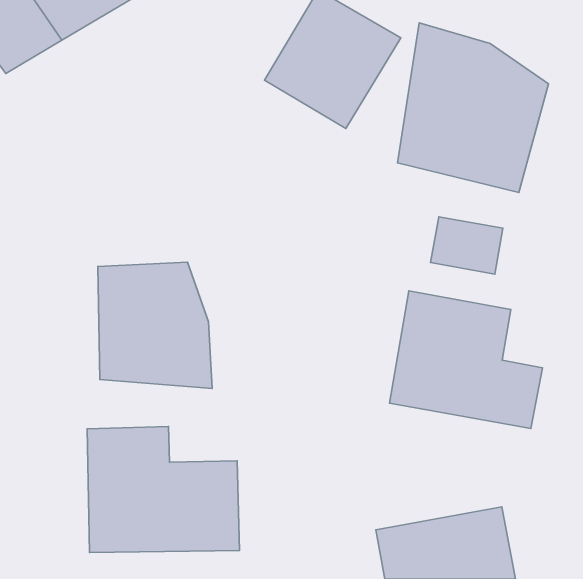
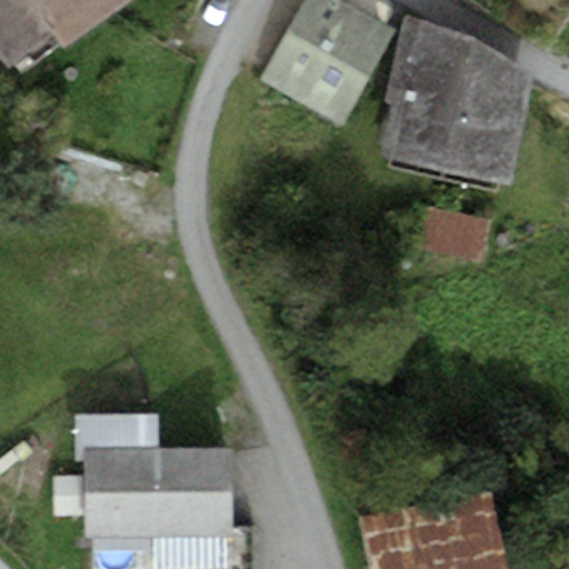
building: [98,262,212,388] -> none
building: [389,291,543,428] -> none

